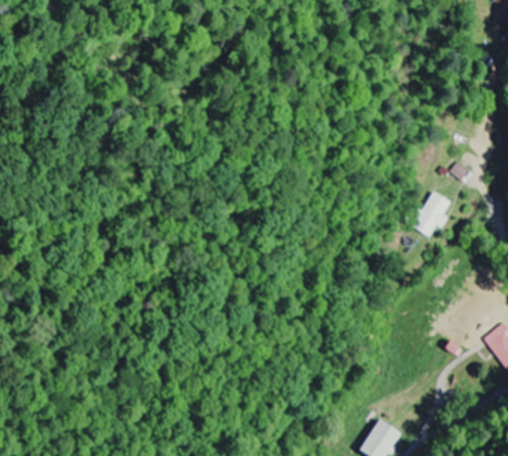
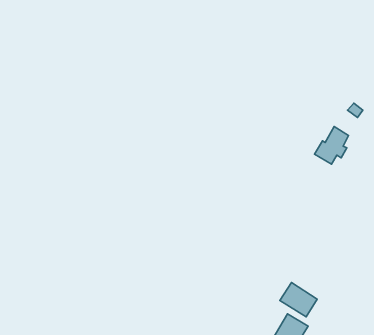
building: none -> [280,282,317,317]

